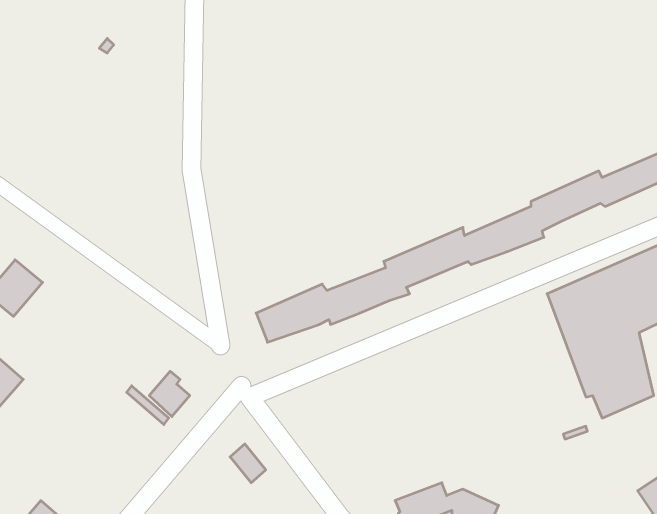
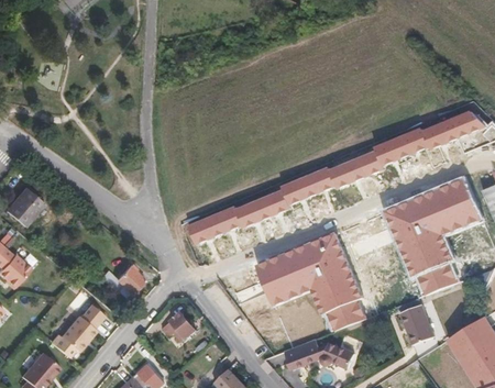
building: none -> [256,232,365,331]
building: none -> [58,304,102,352]
building: none -> [398,304,431,345]

